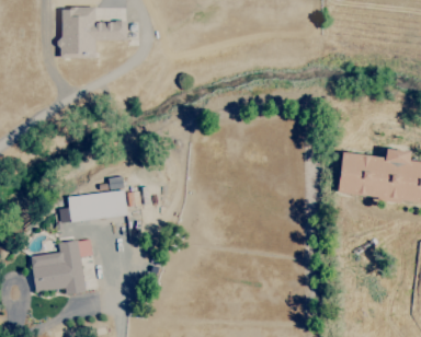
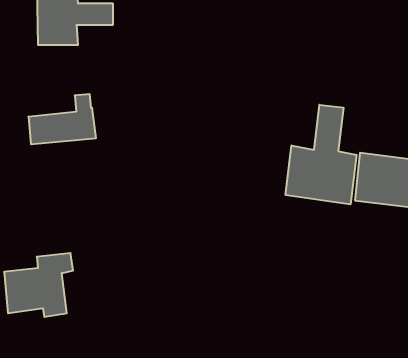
building: none -> [286,105,356,204]
building: [68,177,127,221] -> [28,94,96,144]

